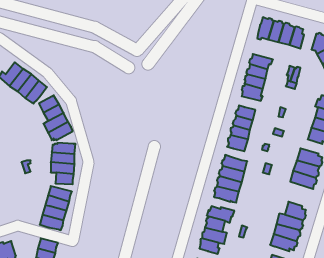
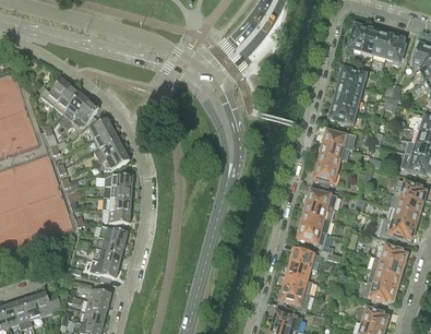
building: none -> [384,219,417,242]

